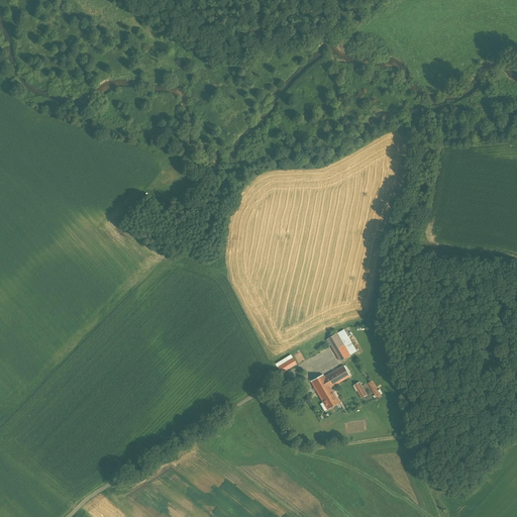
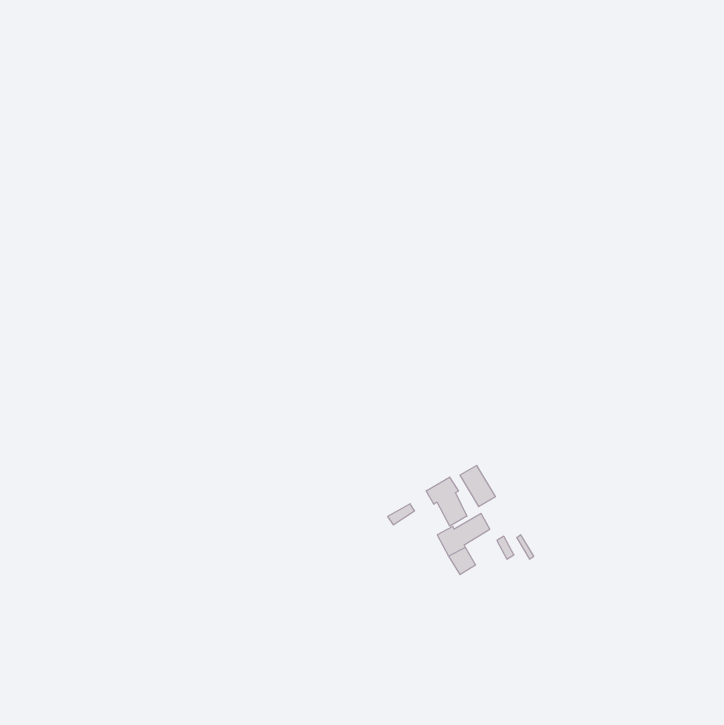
building: none -> [426,477,467,526]

